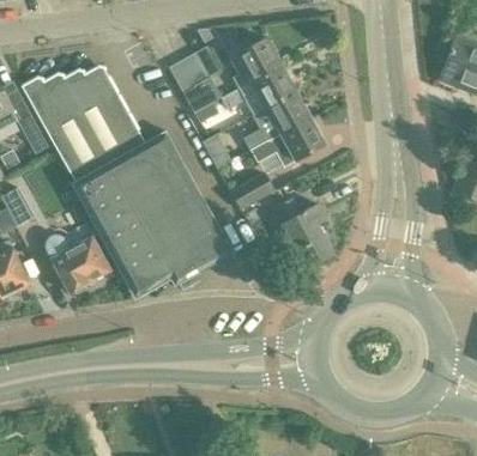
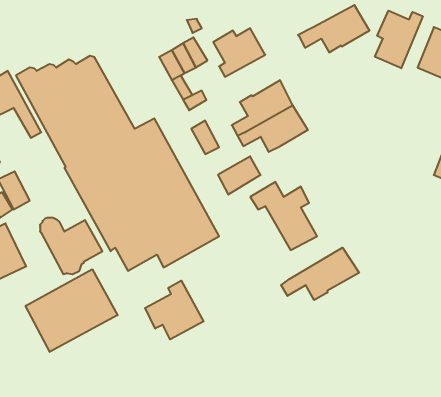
building: none -> [375,11,423,68]
building: [221,65,295,114] -> [298,5,370,52]
building: none -> [281,248,359,300]
building: none -> [26,269,118,352]
building: none -> [145,281,204,339]

